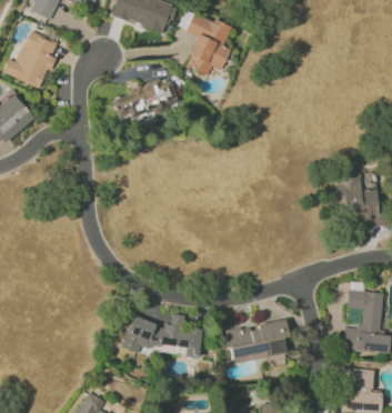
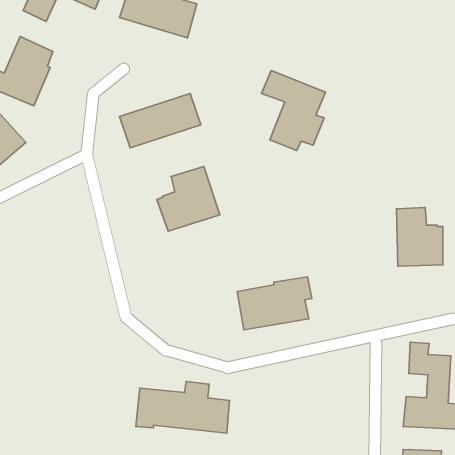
building: [180,9,232,74] -> [262,70,325,151]
building: none -> [157,167,220,231]
building: [228,319,289,362] -> [237,277,312,330]

